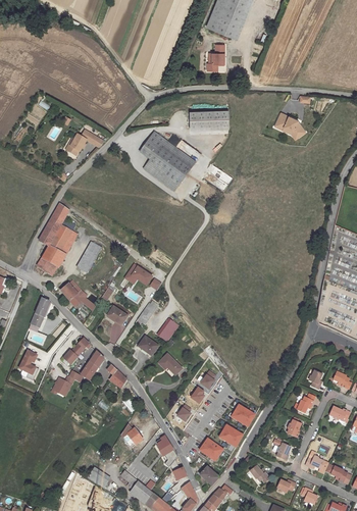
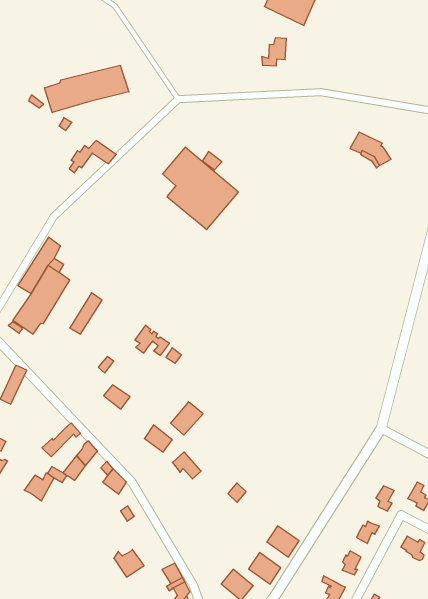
building: none -> [45,65,129,113]
building: [190,110,228,127] -> none
building: [60,279,95,310] -> none

